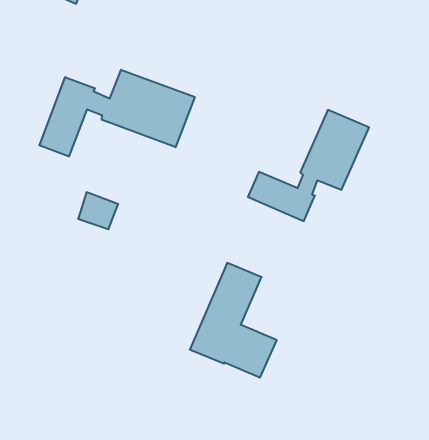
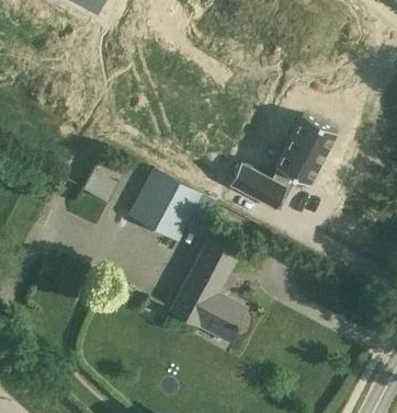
building: [39,70,195,157] -> none
building: none -> [131,170,204,242]

